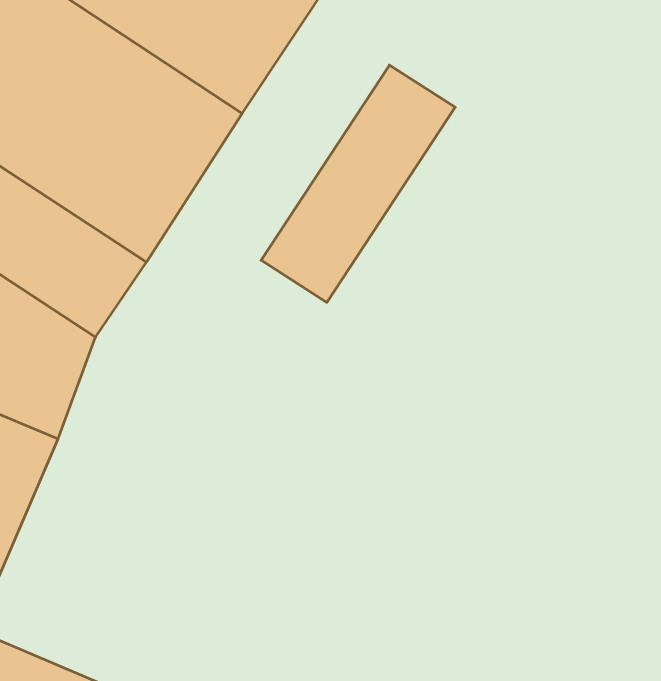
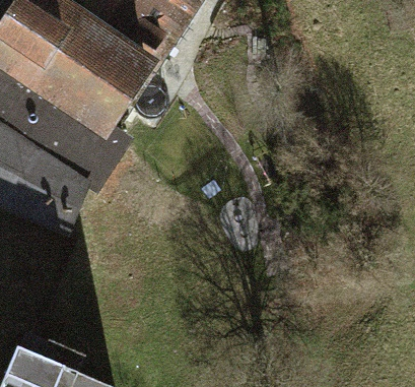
building: [261,65,455,302] -> none

